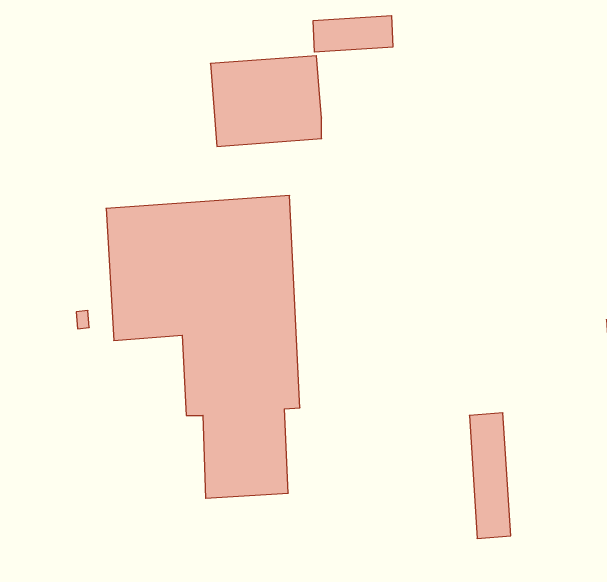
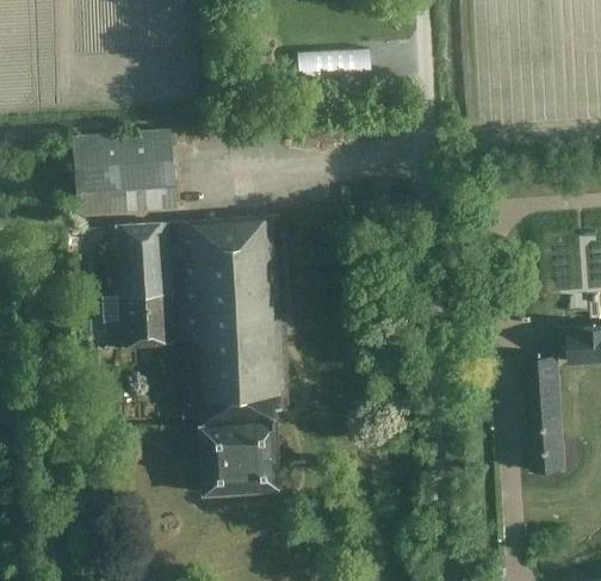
building: [210,56,322,146] -> [74,131,176,215]
building: [469,413,511,538] -> [525,358,563,474]

